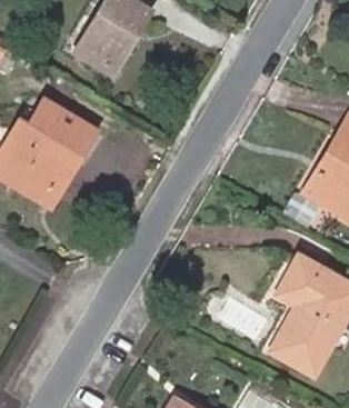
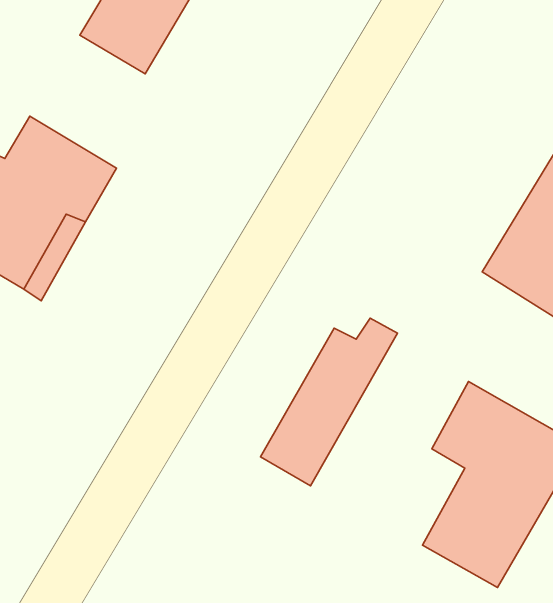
building: none -> [260,318,397,486]

